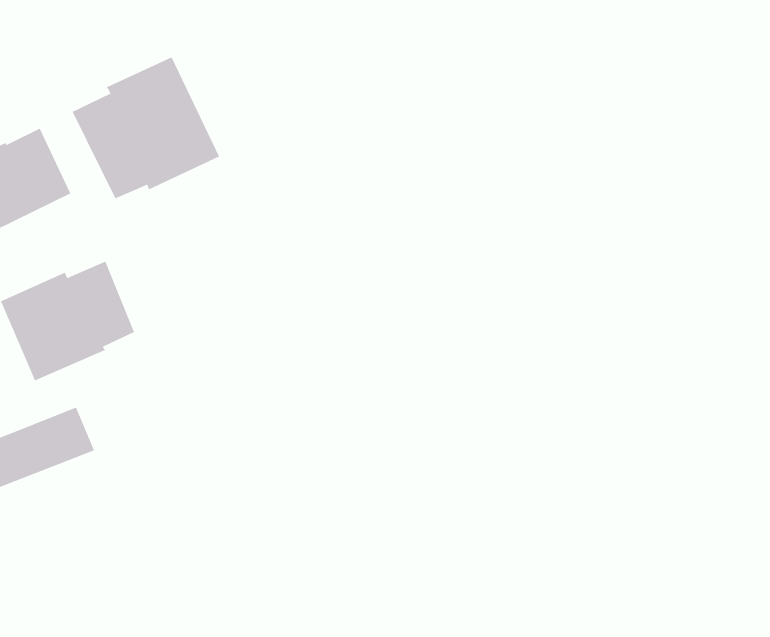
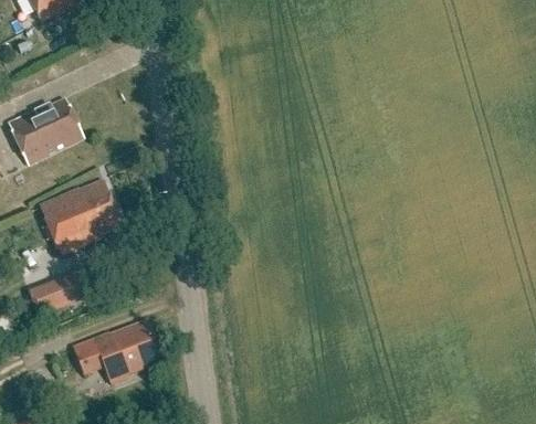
building: [72,56,220,199] -> none
building: none -> [70,314,160,380]

